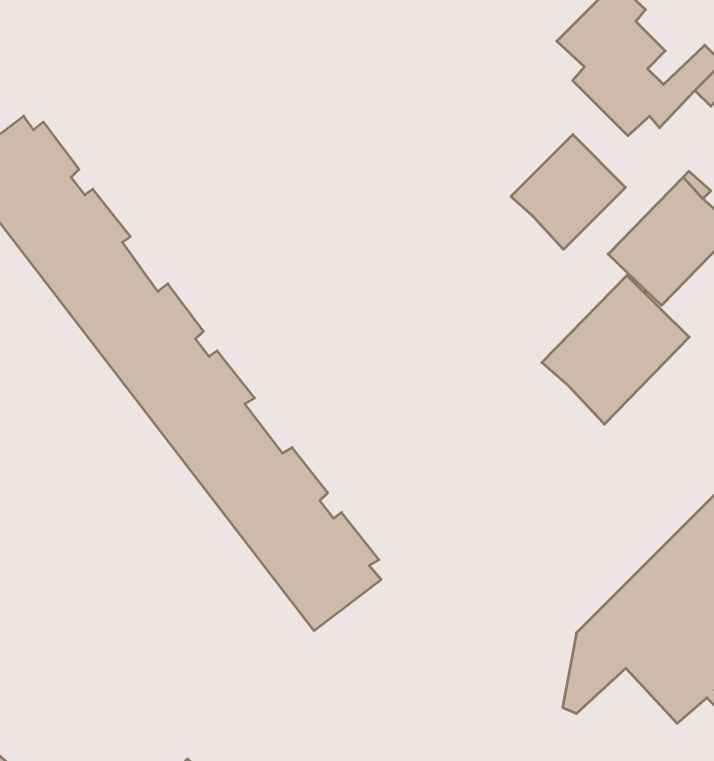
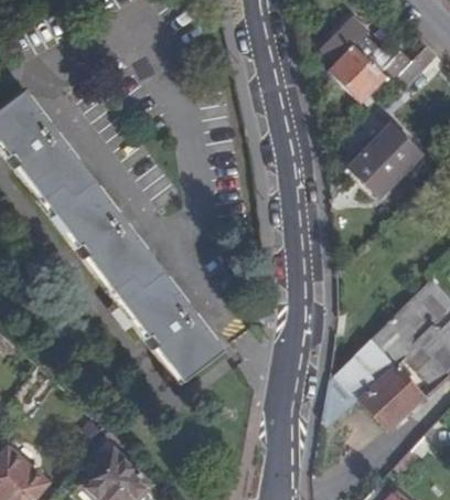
building: [511,134,626,249] -> none
building: [542,275,689,424] -> none

